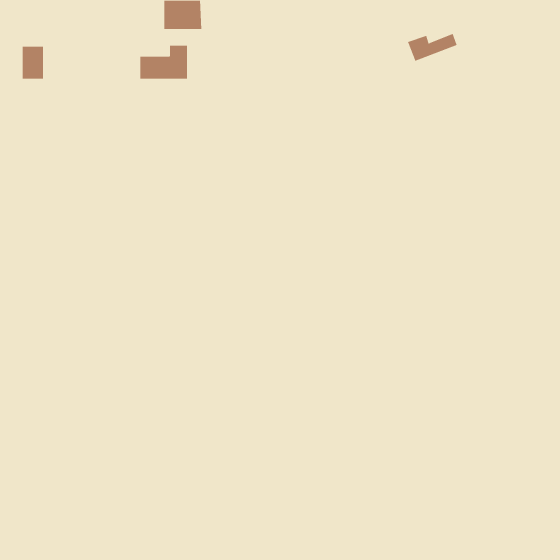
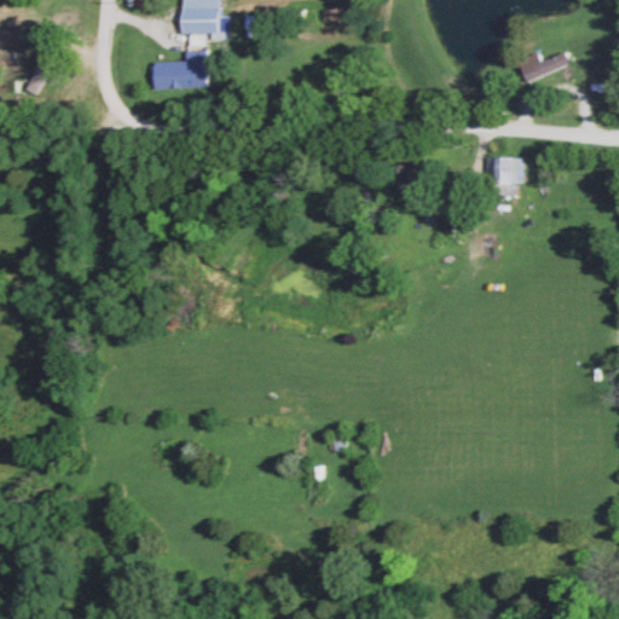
building: [407,33,458,62] -> [519,52,574,83]
building: none -> [488,158,514,187]

